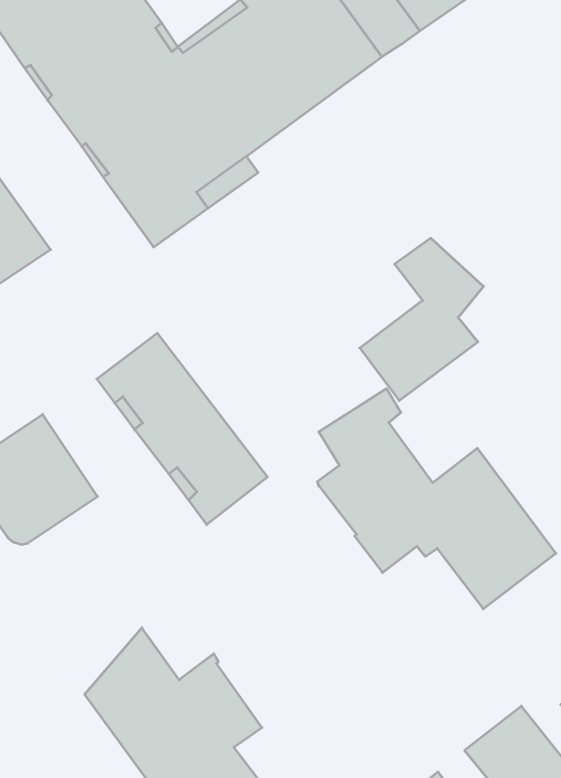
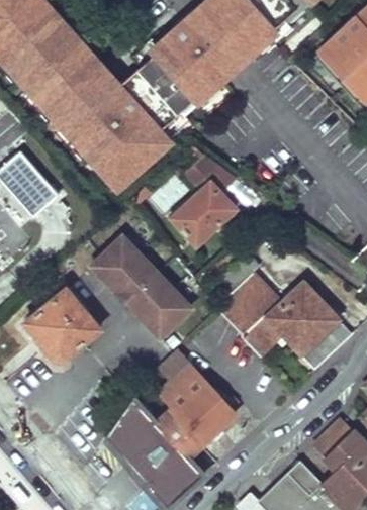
building: [360,238,484,401] -> [171,154,235,243]
building: none -> [158,348,236,444]

